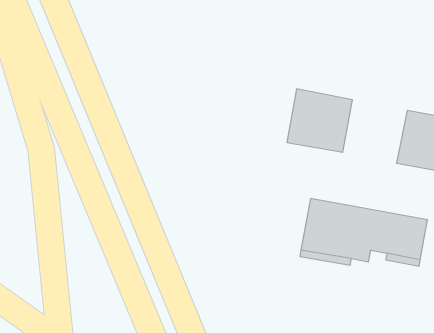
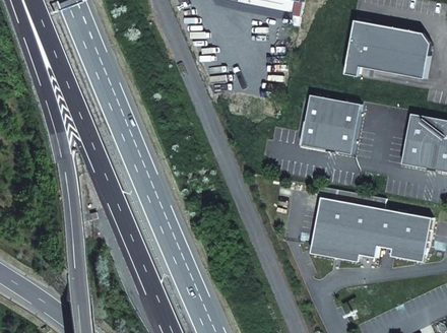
building: none -> [341,19,430,80]

